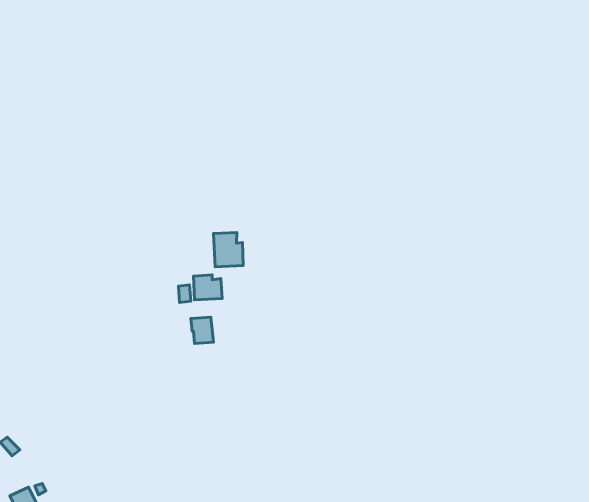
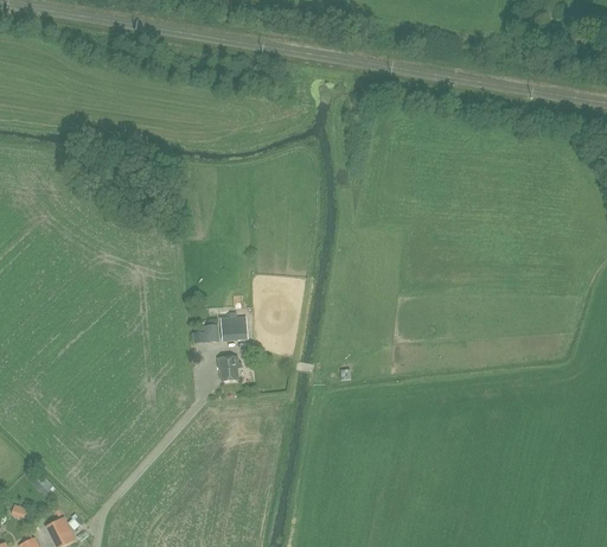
building: [213,232,243,267] -> none

